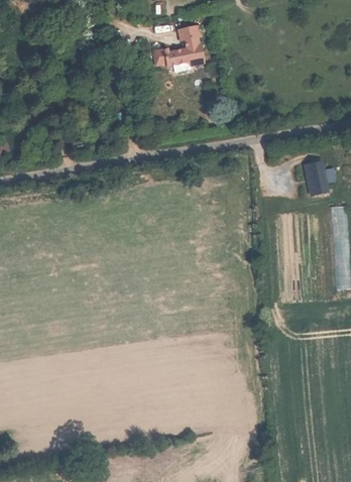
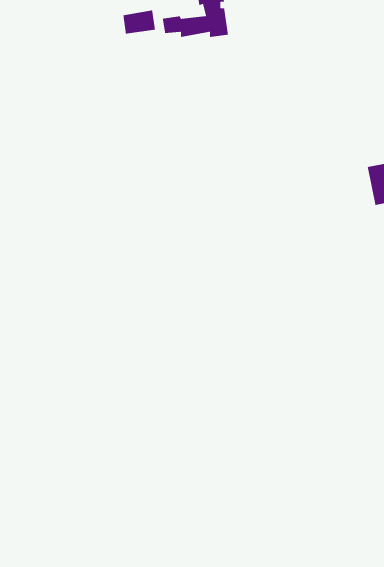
building: none -> [123,9,156,34]

